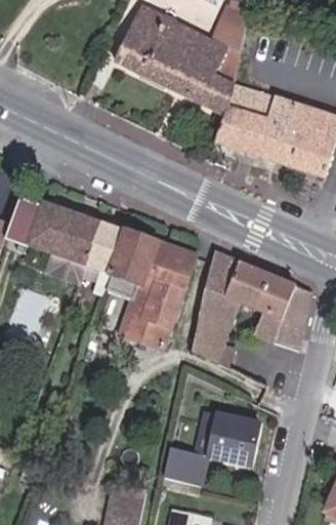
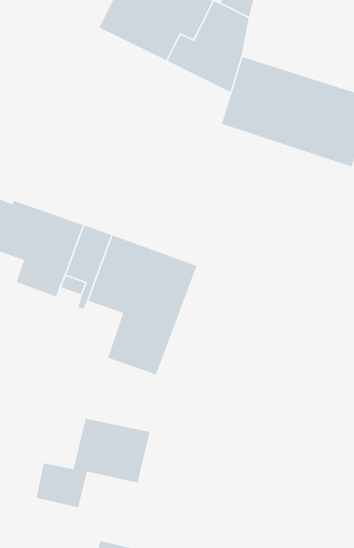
building: [192,251,310,387] -> none
building: [164,410,259,485] -> [36,418,151,508]

